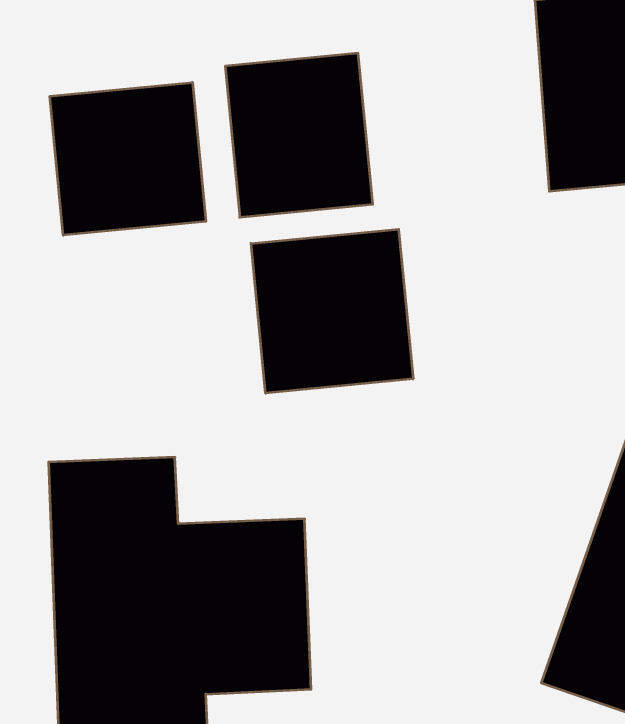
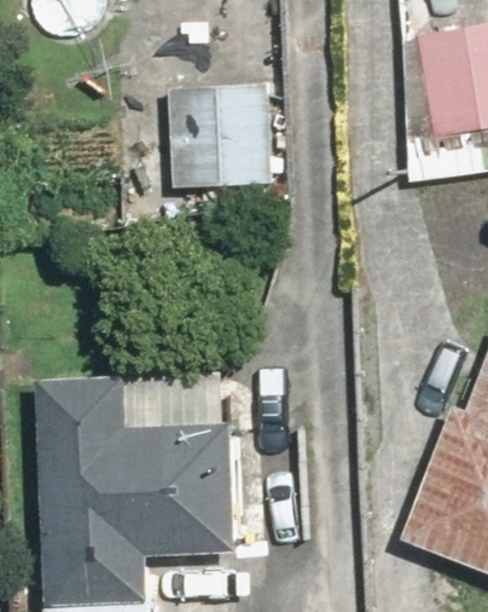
building: [50,82,206,235] -> none
building: [251,229,413,393] -> none

